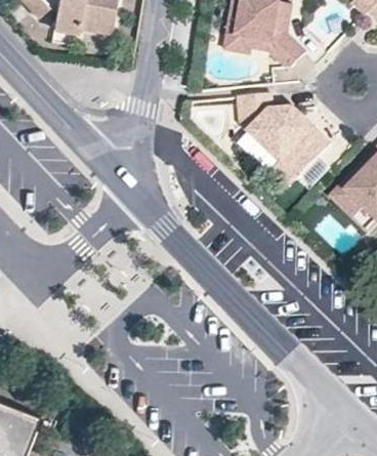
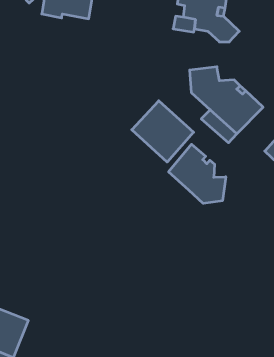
building: none -> [132,101,194,162]
building: none -> [169,144,226,203]

